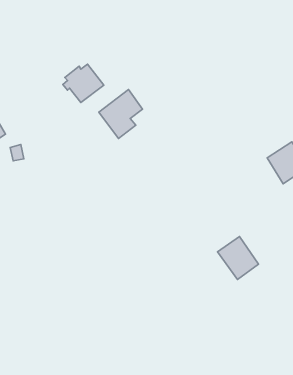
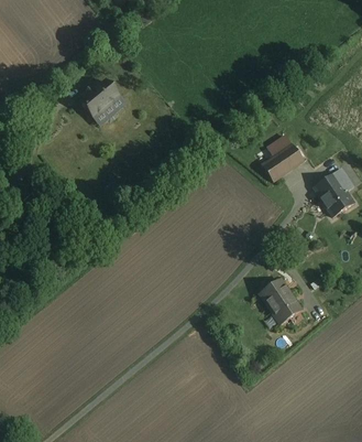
building: [99,89,142,139] -> none
building: none -> [262,142,305,180]

